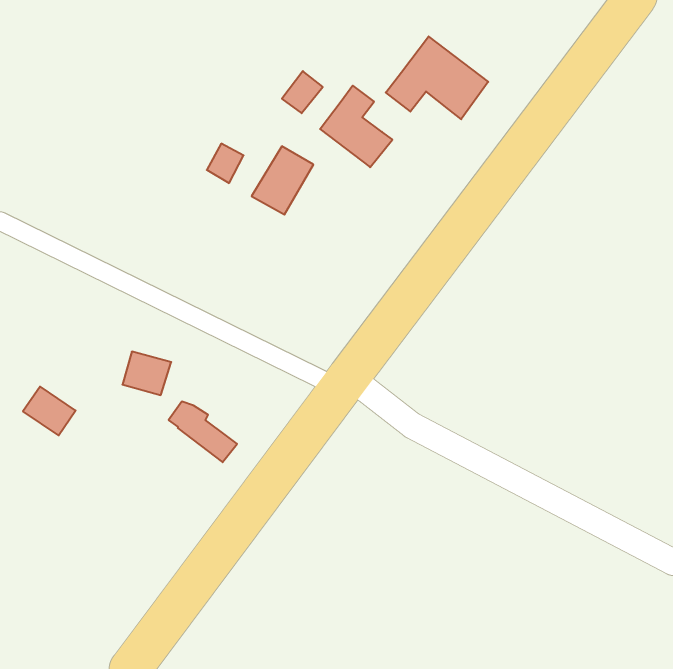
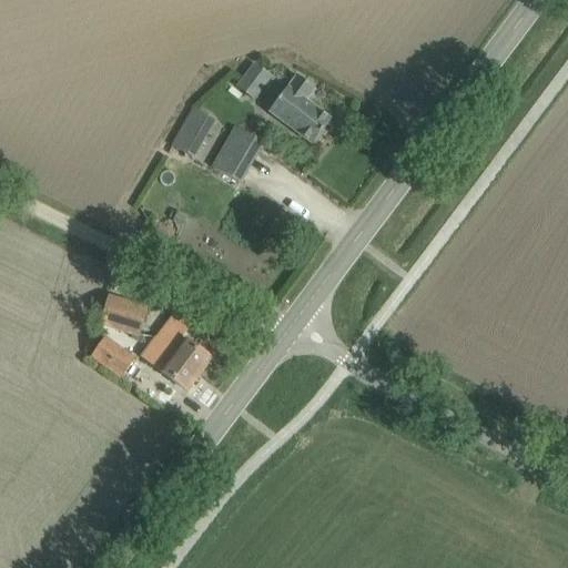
building: [386,36,488,119] -> none
building: none -> [149,305,212,374]
building: [23,387,76,435] -> [90,335,134,376]

